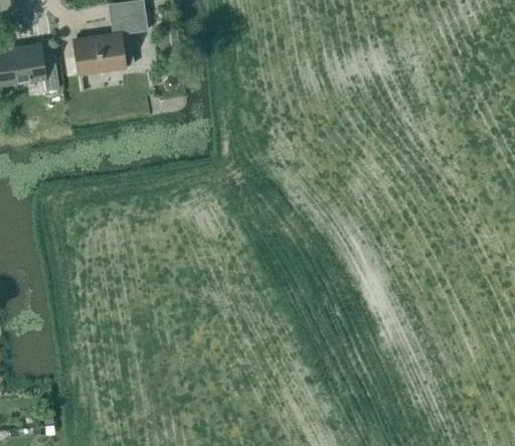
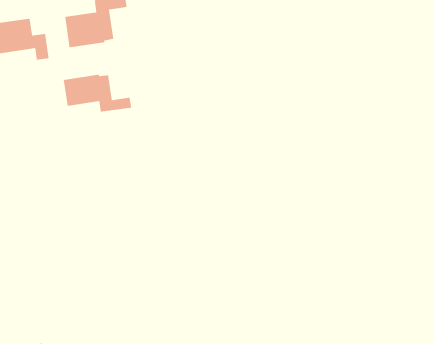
building: none -> [63,74,132,113]

